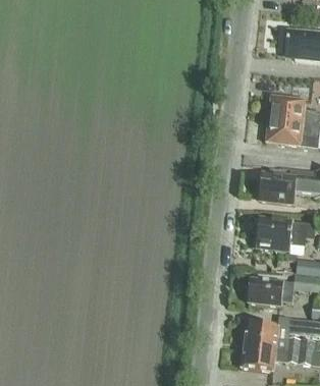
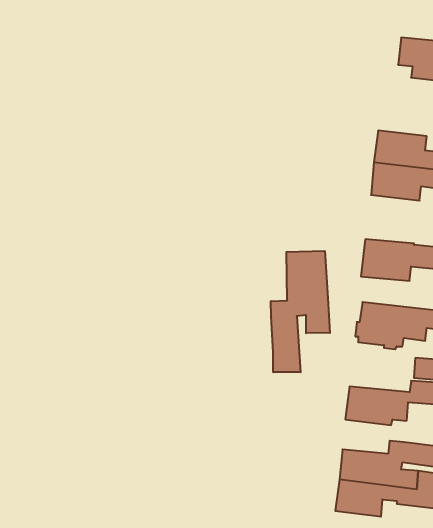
building: none -> [271,251,330,372]

